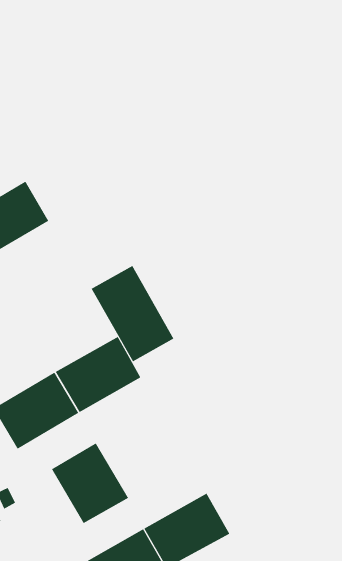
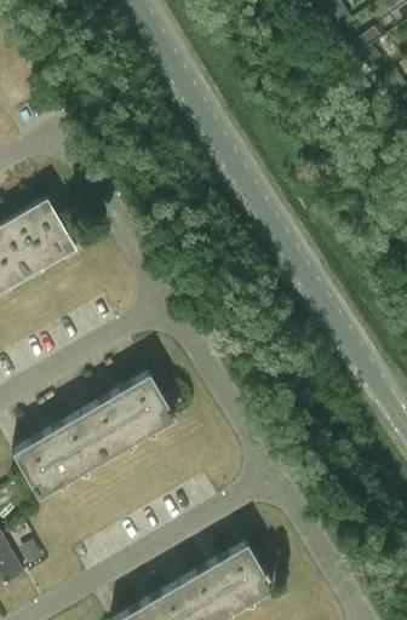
building: [91,265,174,362] -> none
building: [51,442,129,524] -> none

